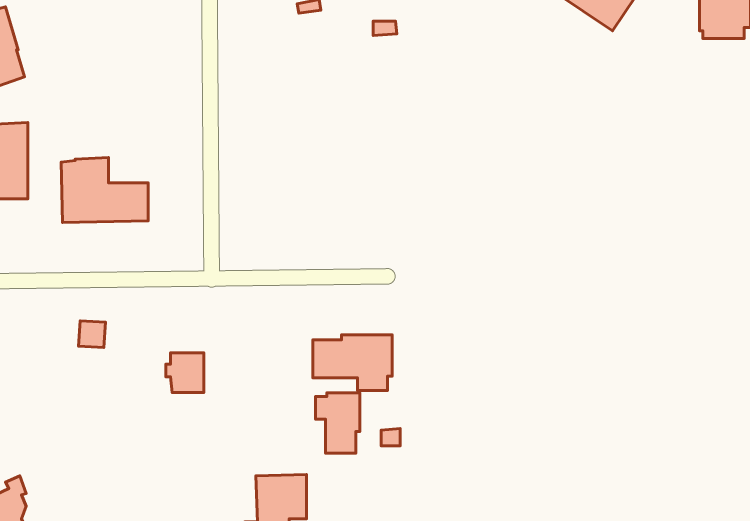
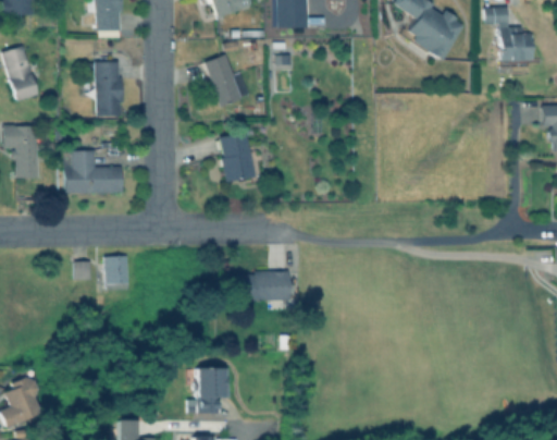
building: none -> [202,53,250,107]
building: none -> [91,61,123,115]
building: none -> [220,133,262,183]
building: [166,353,204,393] -> [102,256,128,283]
building: [315,393,360,453] -> none

